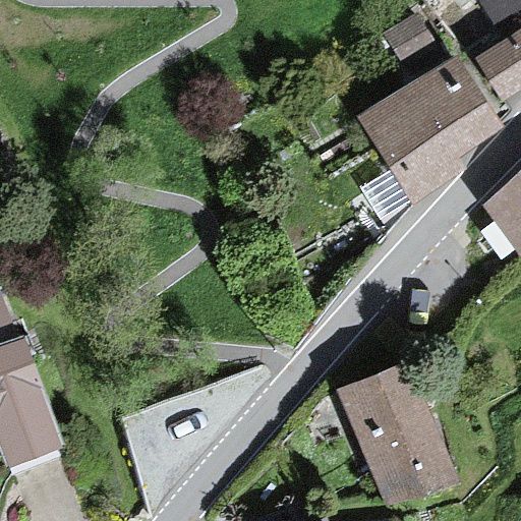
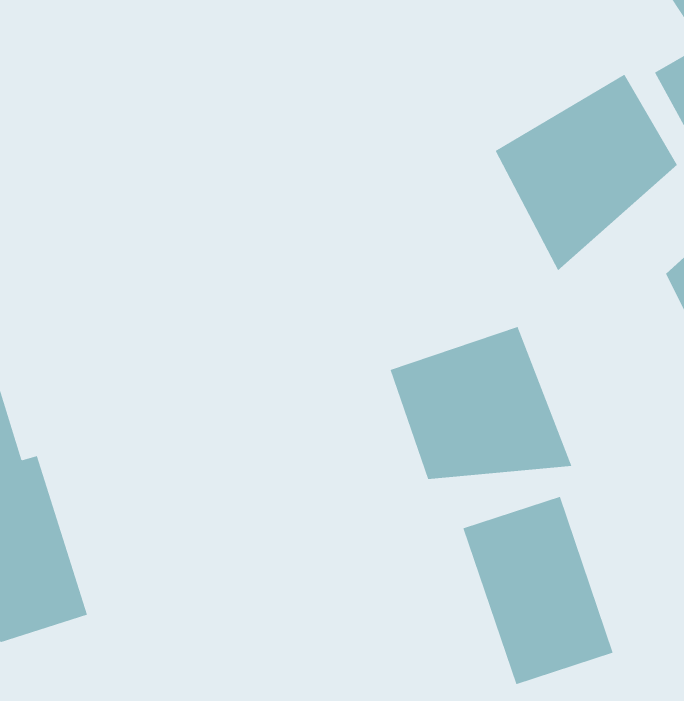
building: none -> [390,326,572,480]

